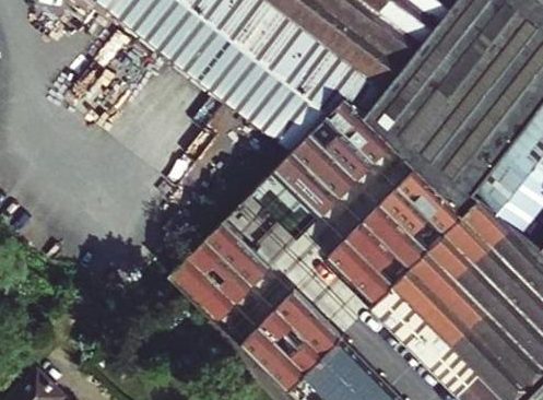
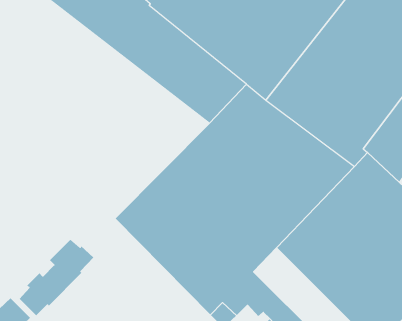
building: none -> [19,239,94,316]

